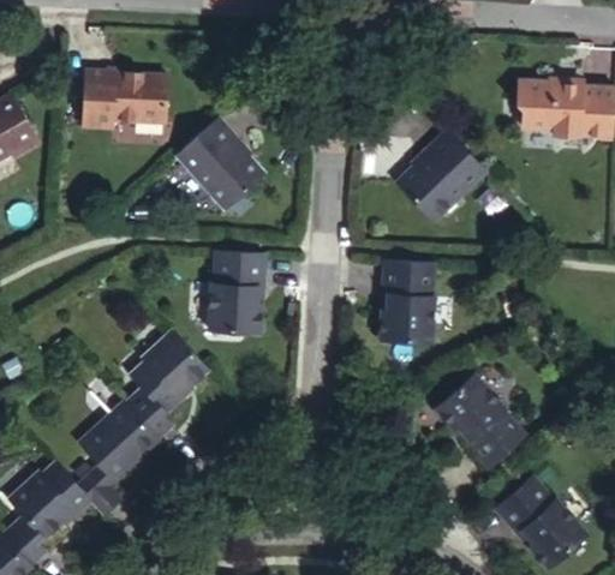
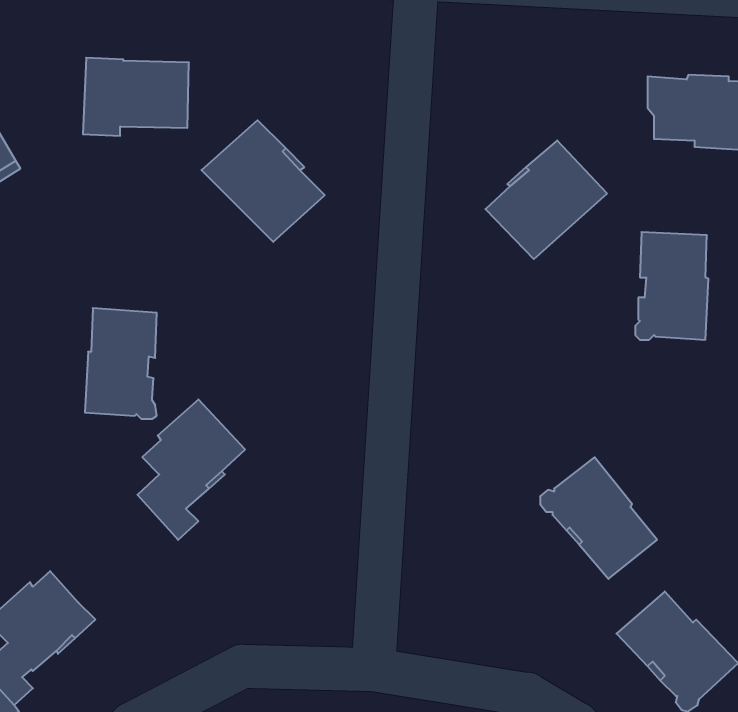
building: [210,246,265,331] -> [85,308,157,419]
building: [382,259,438,342] -> [635,232,709,340]
building: [79,401,157,515] -> none

